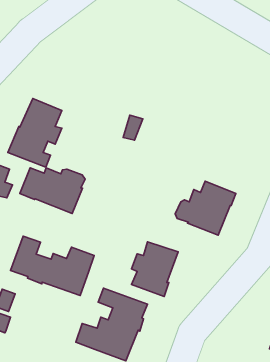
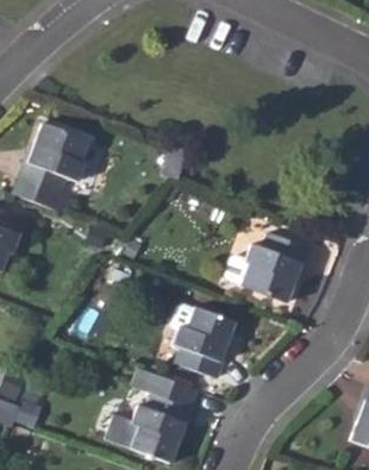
building: [20,168,85,214] -> none
building: [10,236,94,295] -> none

